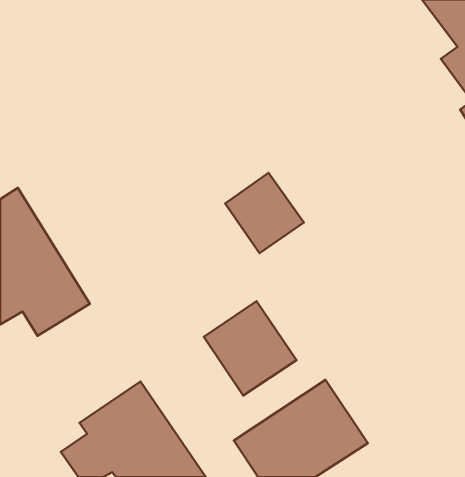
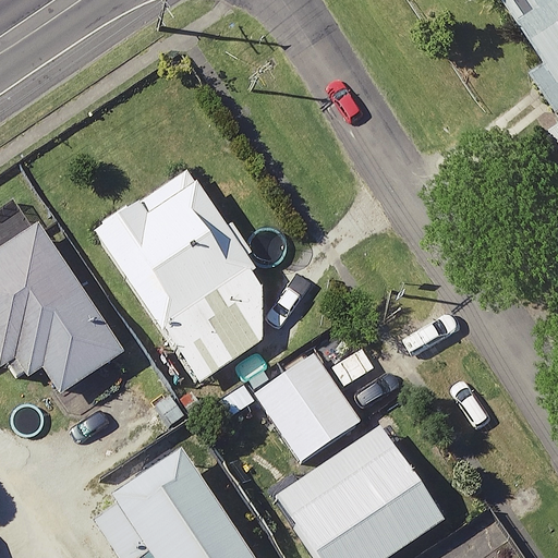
building: none -> [87,165,269,389]
building: [225,173,304,253] -> none

